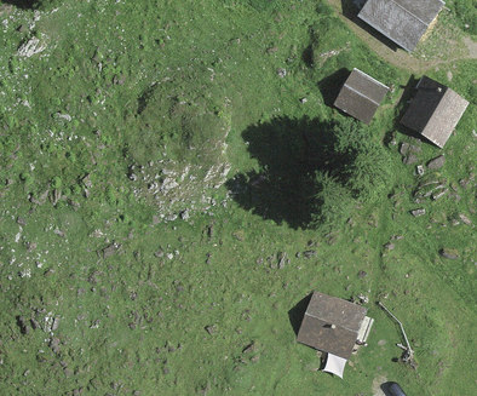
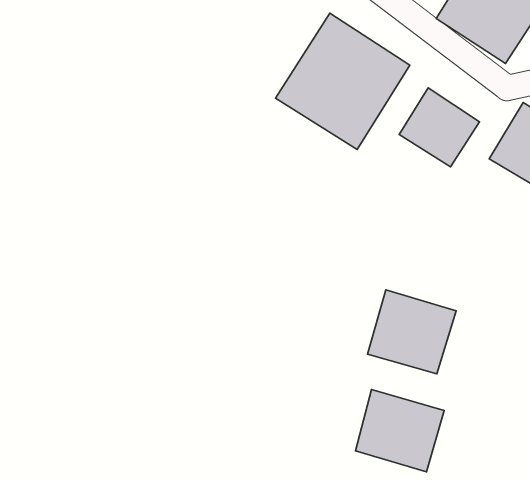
building: none -> [275,13,410,149]
building: none -> [367,290,456,374]

